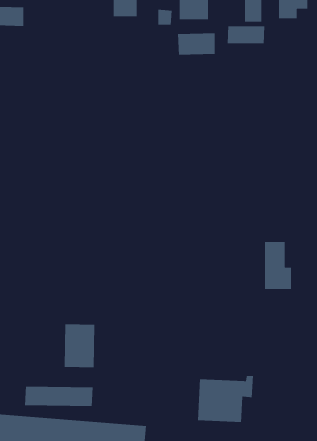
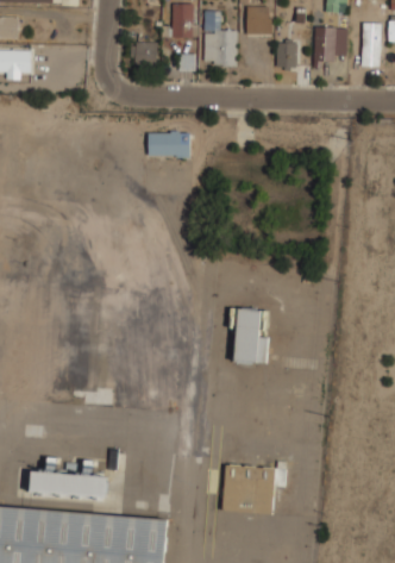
building: [227,25,265,44] -> none
building: [177,33,216,55] -> [148,132,190,157]
building: [264,242,292,290] -> [237,309,268,363]
building: [64,324,95,368] -> none

